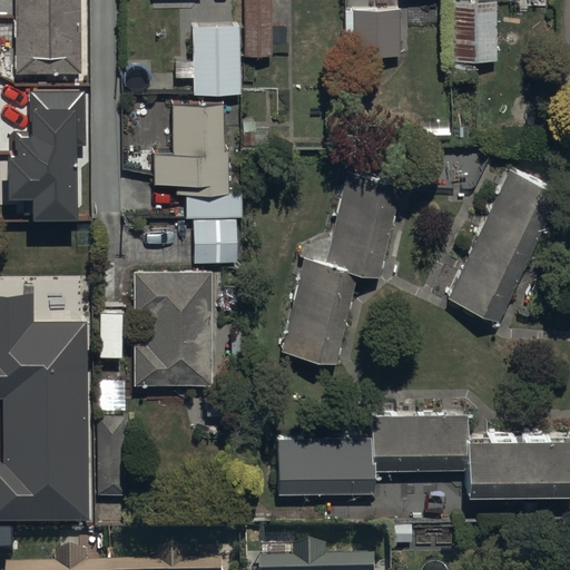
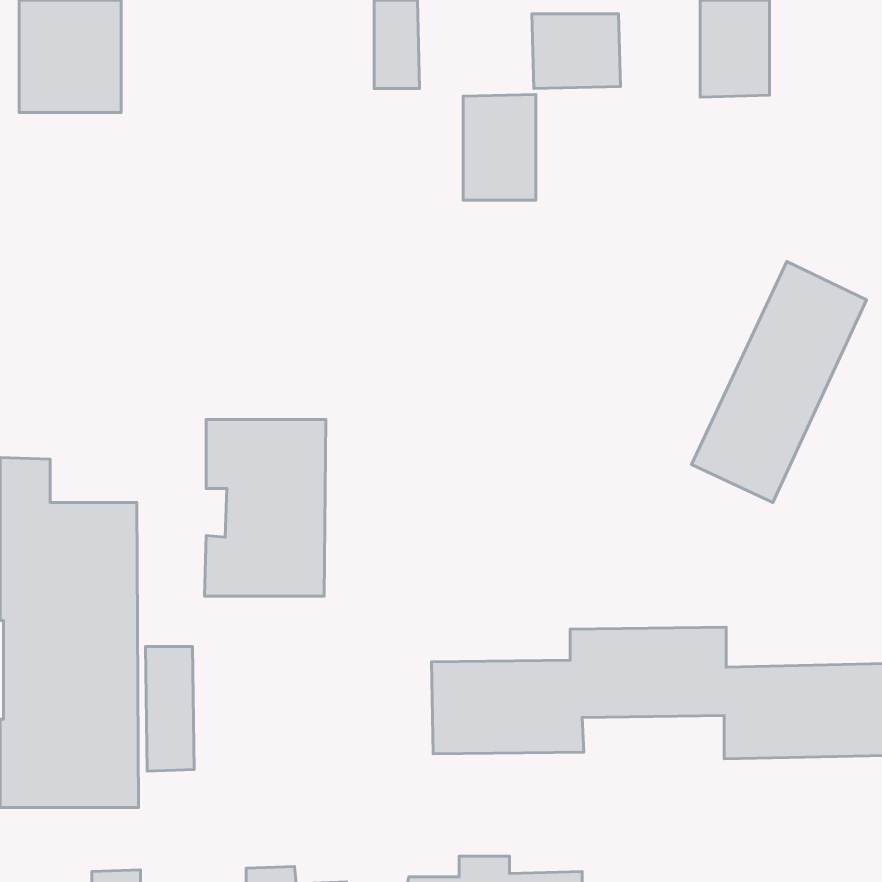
building: [193,28,239,96] -> [463,94,536,200]
building: [12,92,87,223] -> none
building: [154,107,242,263] -> none
building: [279,170,402,366] -> none

